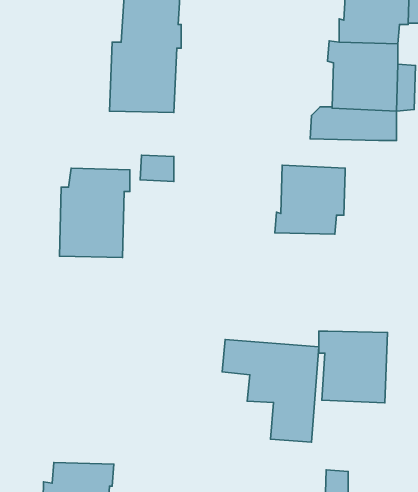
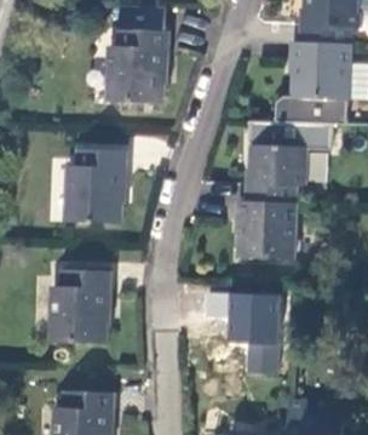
building: none -> [248,122,332,150]
building: none -> [51,270,110,342]
building: [319,331,388,403] -> [238,201,295,261]

